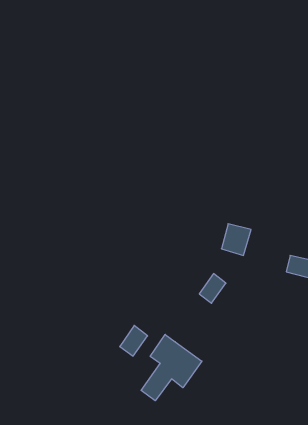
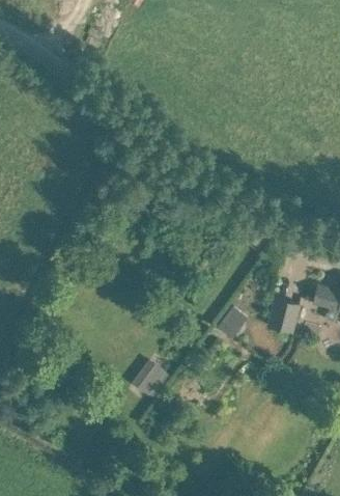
building: [221,224,251,255] -> [268,300,301,334]
building: [141,334,202,401] -> none

